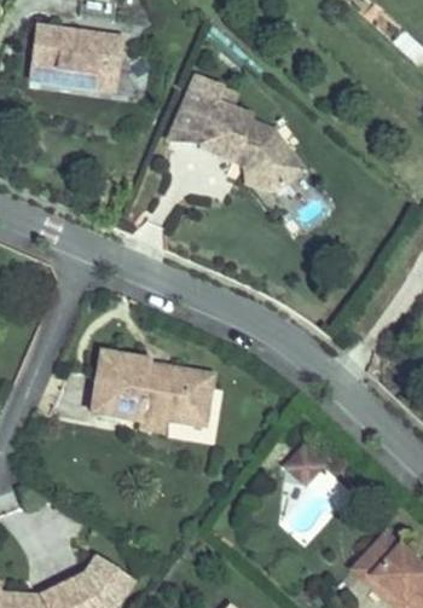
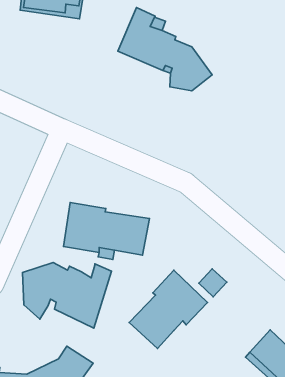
building: none -> [23,263,112,328]
building: none -> [129,270,207,348]

